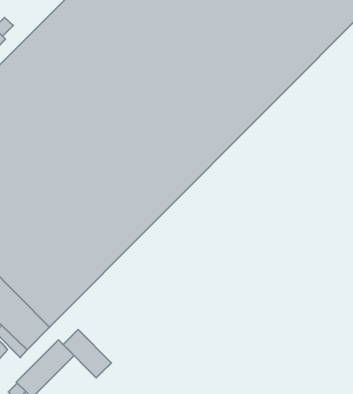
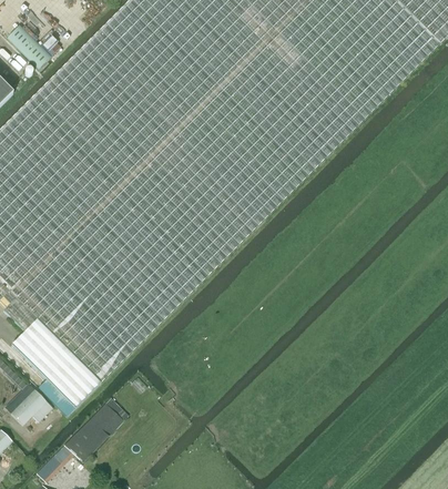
building: [63,330,111,378] -> none

